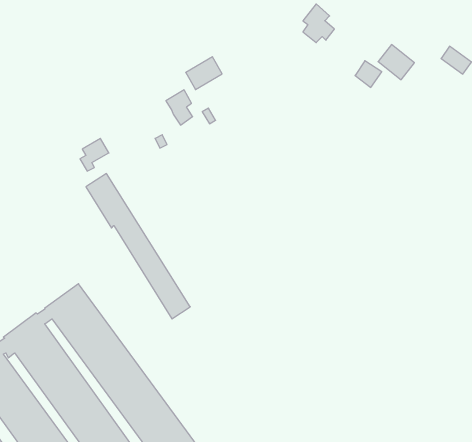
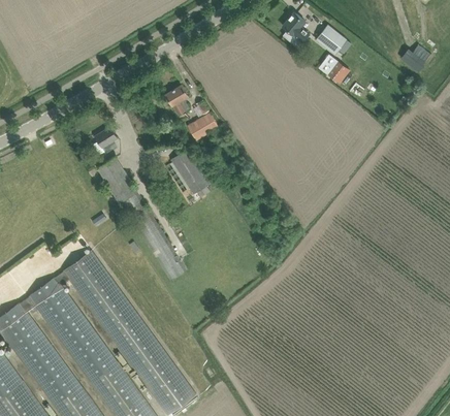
building: [378,45,414,80] -> [315,25,346,55]
building: [186,57,222,90] -> [187,114,218,141]
building: none -> [169,149,208,198]

